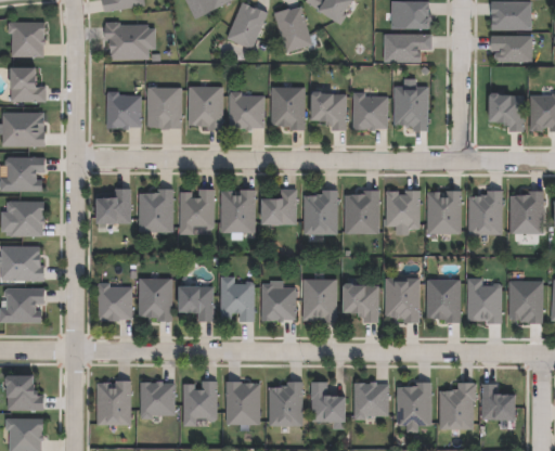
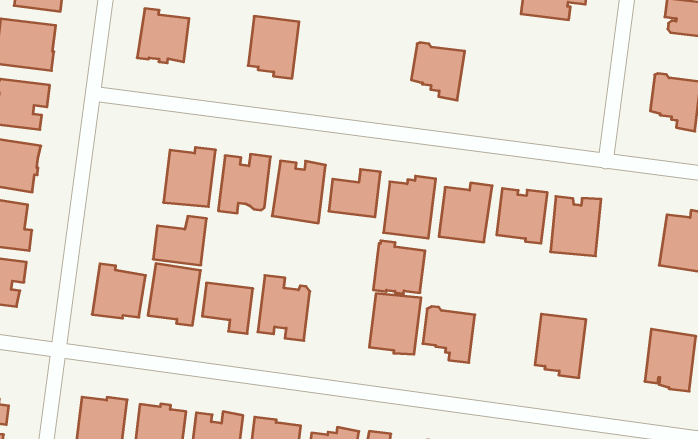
building: [395,78,428,130] -> none
building: [147,87,181,127] -> none
building: [271,87,305,129] -> none
building: [230,91,264,129] -> none
building: [353,92,387,130] -> none
building: [94,189,130,223] -> [153,216,207,265]
building: [468,190,503,234] -> none
building: [385,278,420,323] -> none
building: [468,278,502,323] -> none
building: [261,284,296,321] -> [373,241,425,294]

